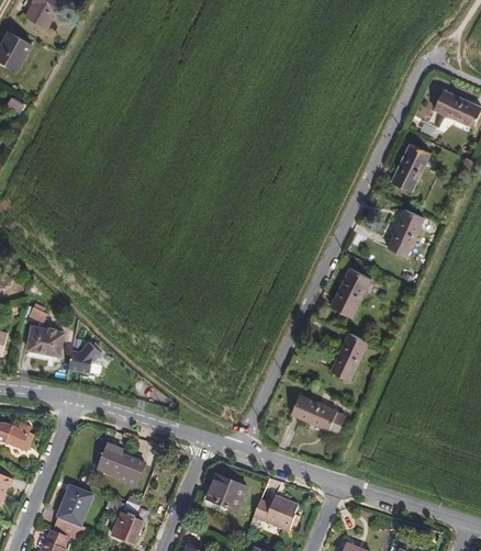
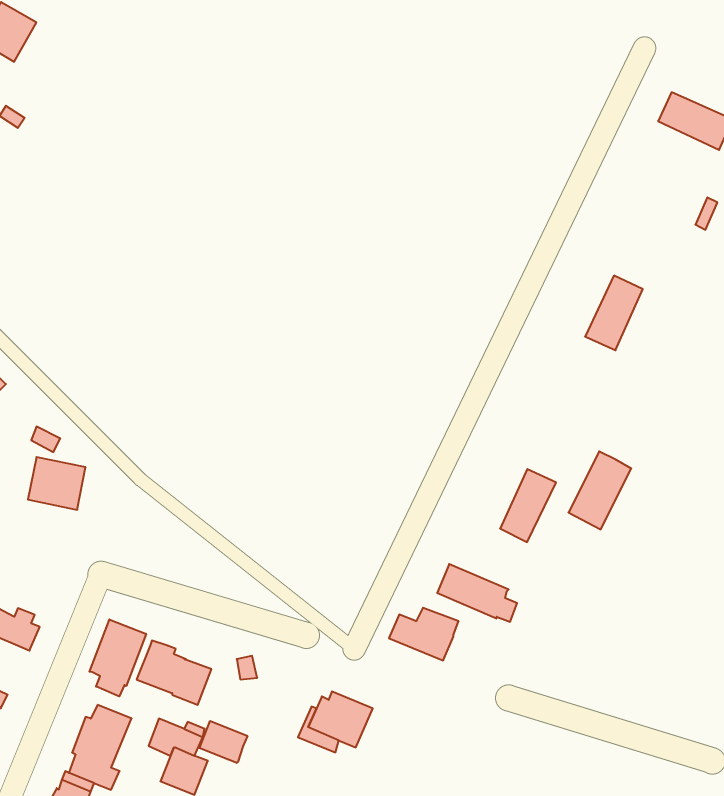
building: [391,143,429,191] -> none
building: [331,267,371,317] -> [568,451,631,529]
building: [68,340,101,371] -> none
building: none -> [89,619,146,696]
building: [254,495,299,529] -> [389,608,459,660]
building: none -> [199,721,247,763]

